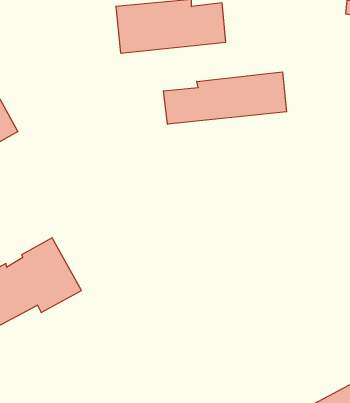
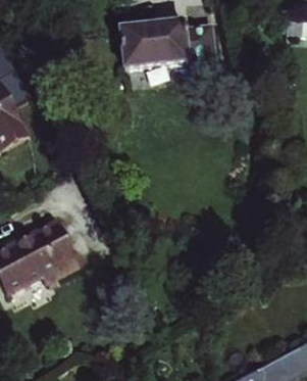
building: [164,72,287,124] -> none

